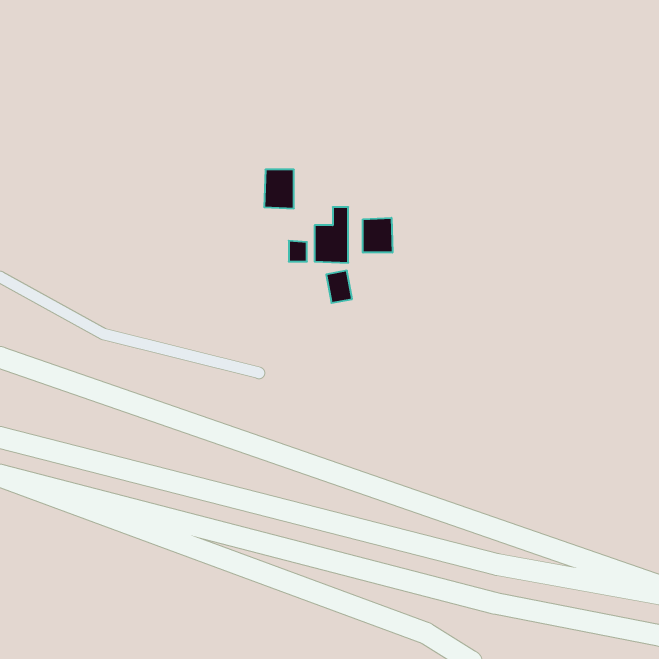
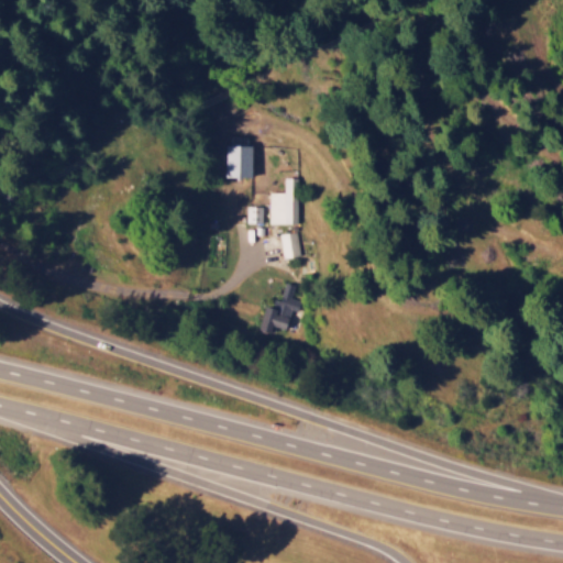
building: [363,218,392,253] -> none
building: none -> [257,284,301,334]

